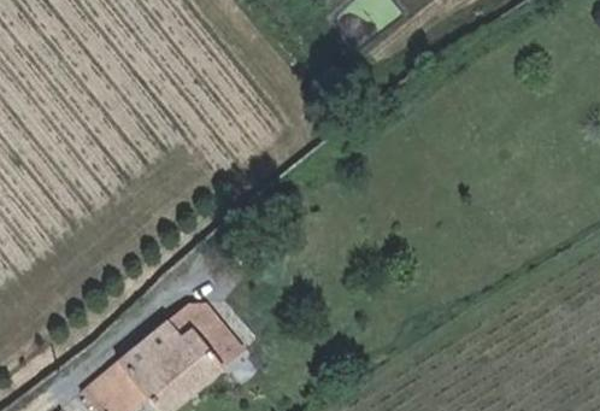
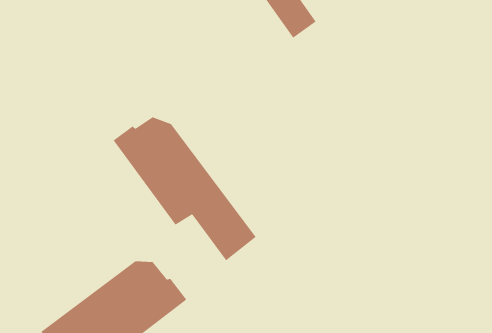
building: none -> [113,117,256,261]

